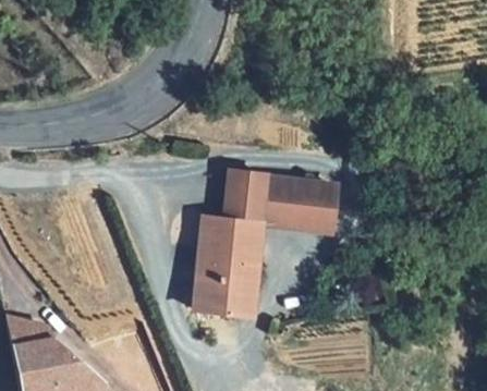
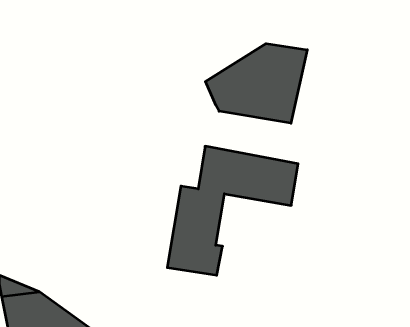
building: none -> [205,44,307,123]

